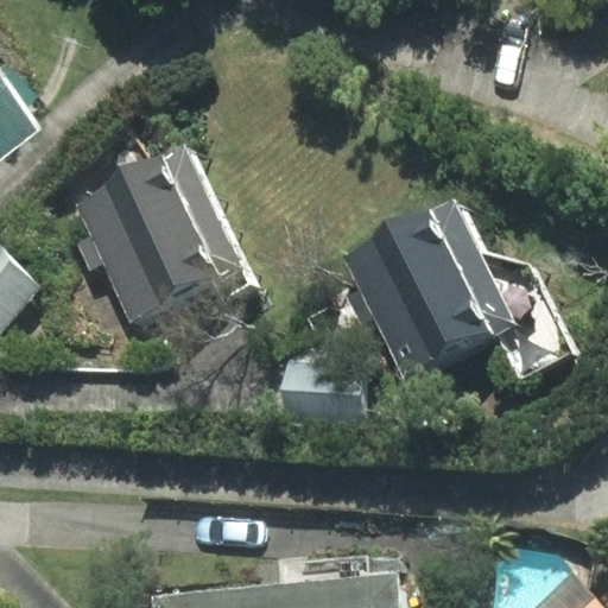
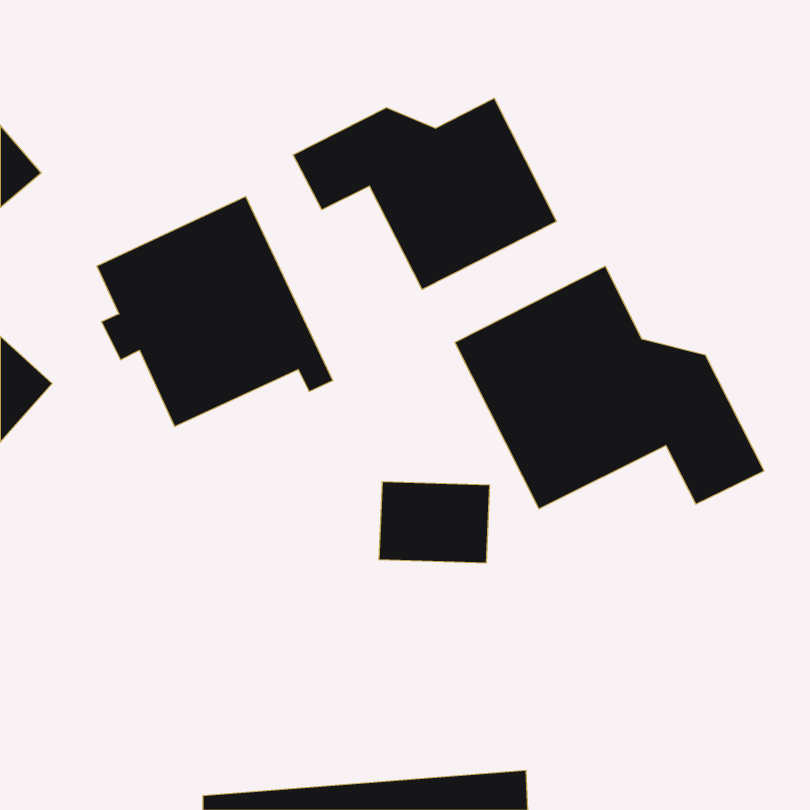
building: none -> [293,98,557,289]

